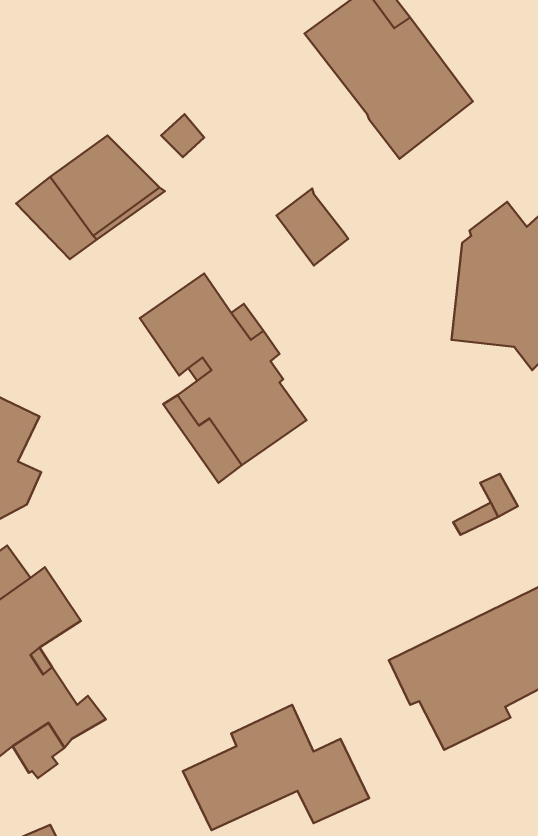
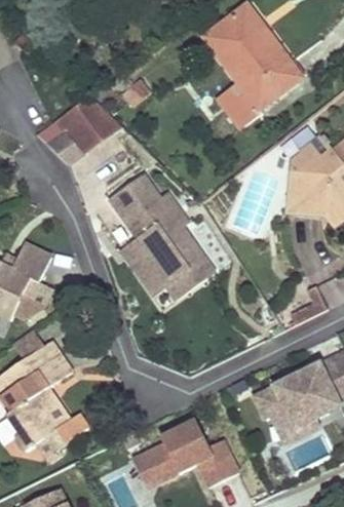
building: [276,189,348,266] -> [219,81,260,125]
building: none -> [167,233,217,296]

